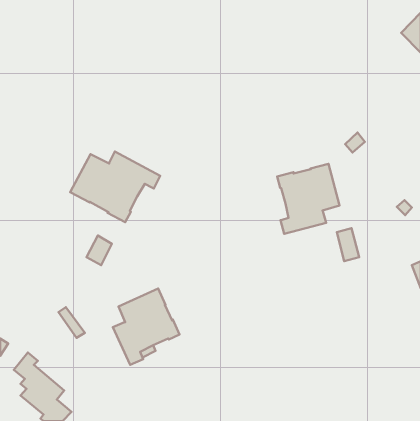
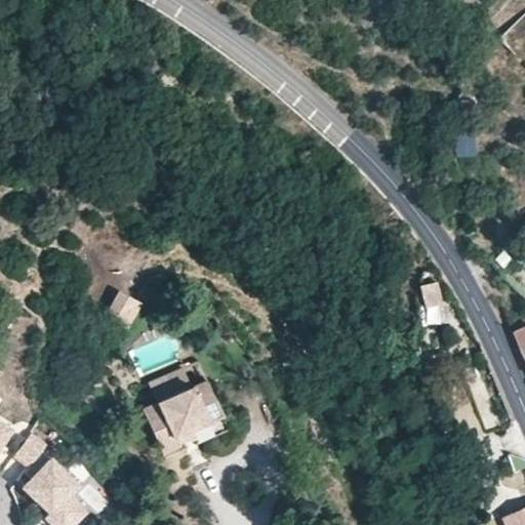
building: [70,152,160,222] -> none
building: [277,164,339,234] -> none

